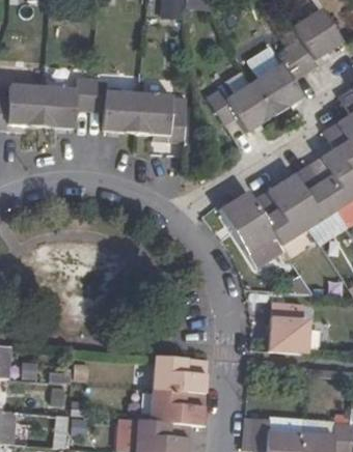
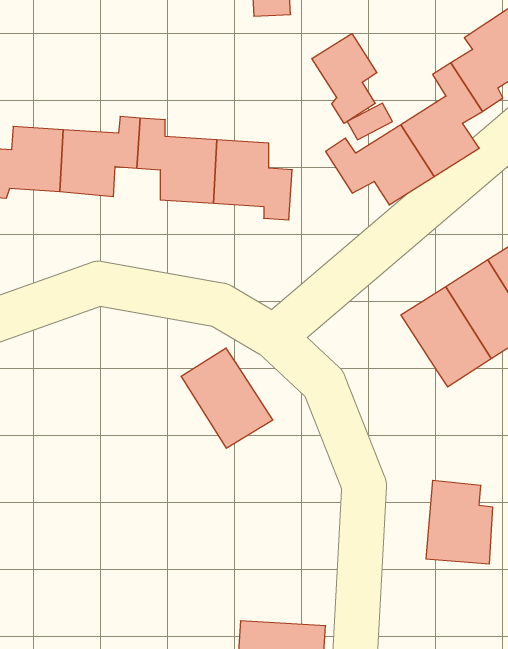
building: none -> [312,34,377,123]
building: [219,191,276,253] -> [181,348,273,448]
building: [154,357,209,393] -> none

